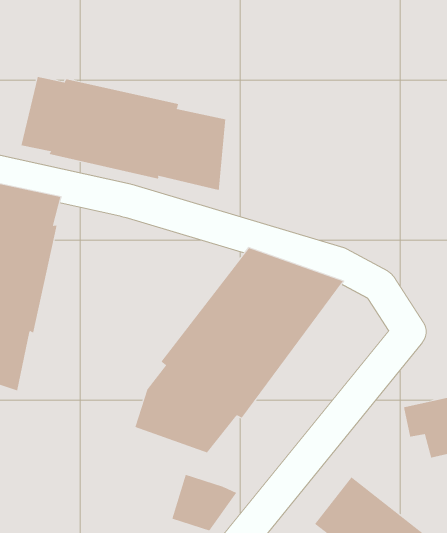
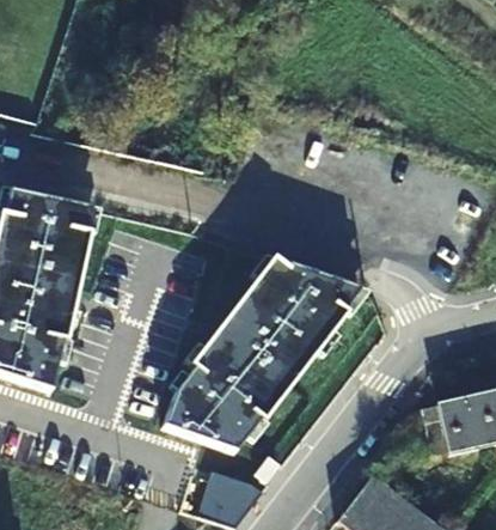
building: [21,76,226,191] -> none

